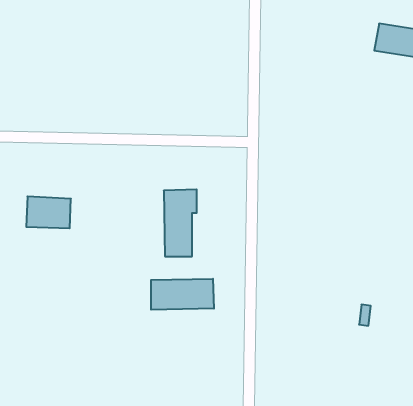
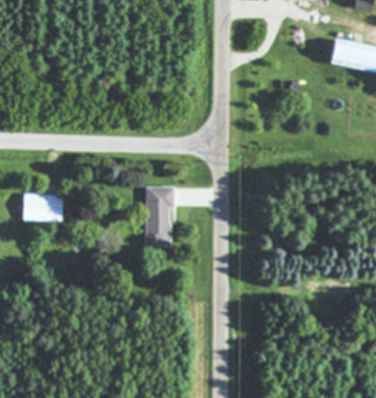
building: [151,279,214,310] -> none

